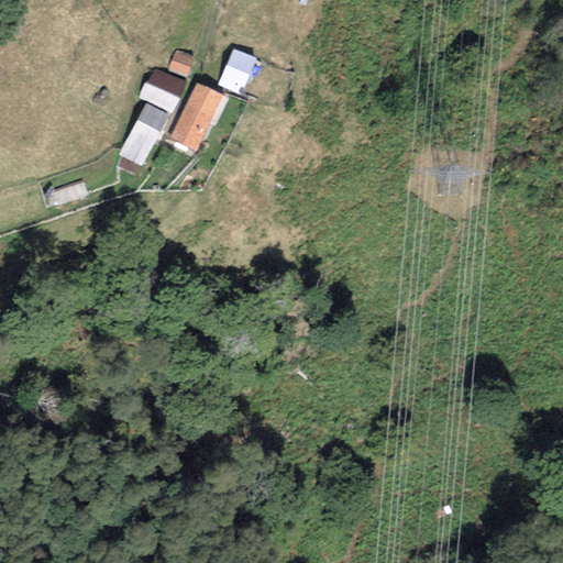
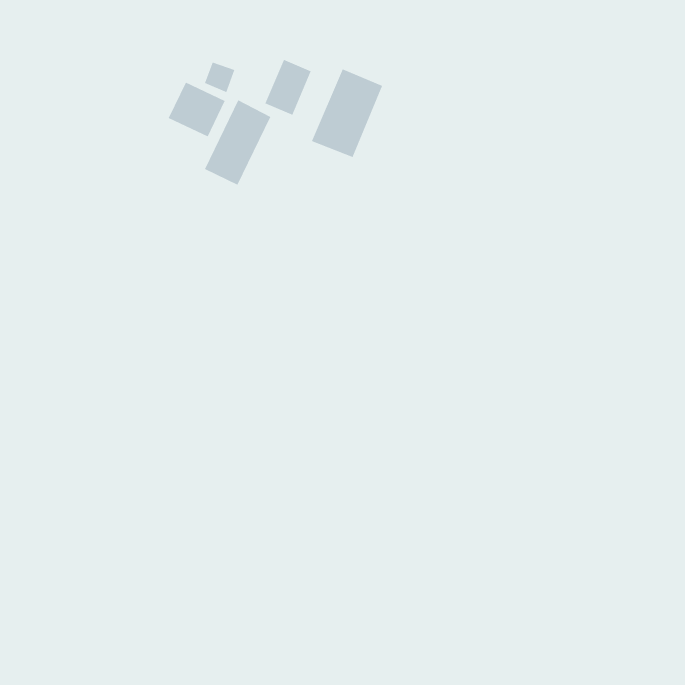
building: none -> [311,68,383,158]
building: [119,103,169,165] -> none

